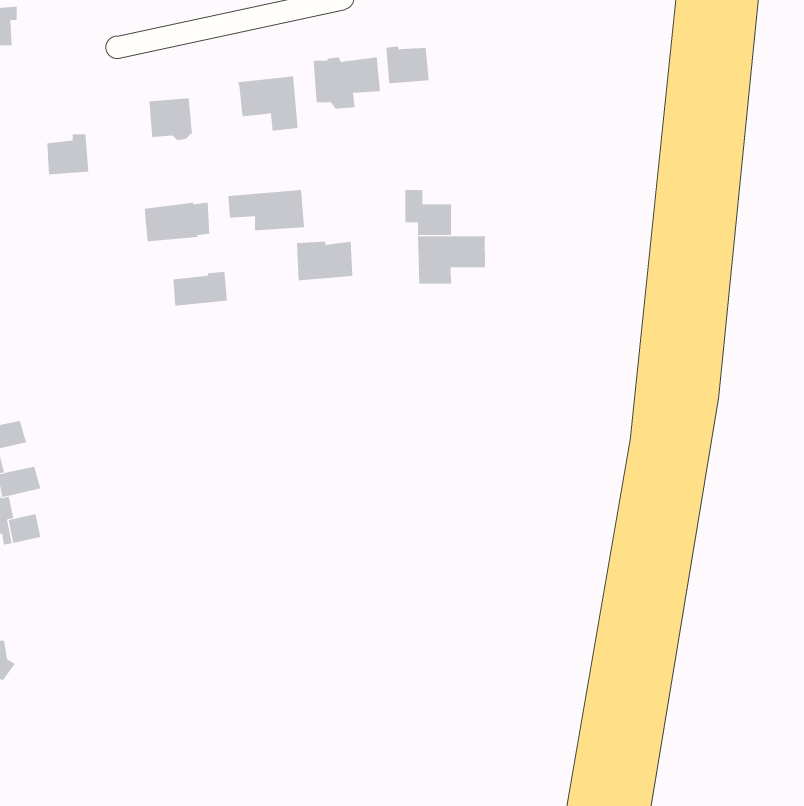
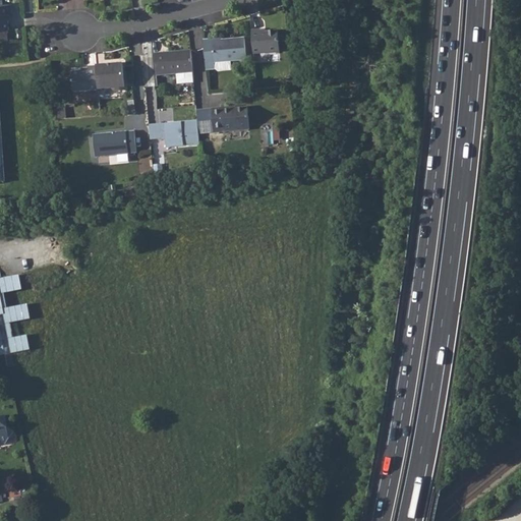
building: [47,134,89,175] -> [70,65,98,92]
building: [418,235,487,284] -> none
building: [296,241,353,281] -> [211,107,247,132]
building: [173,271,227,306] -> none

